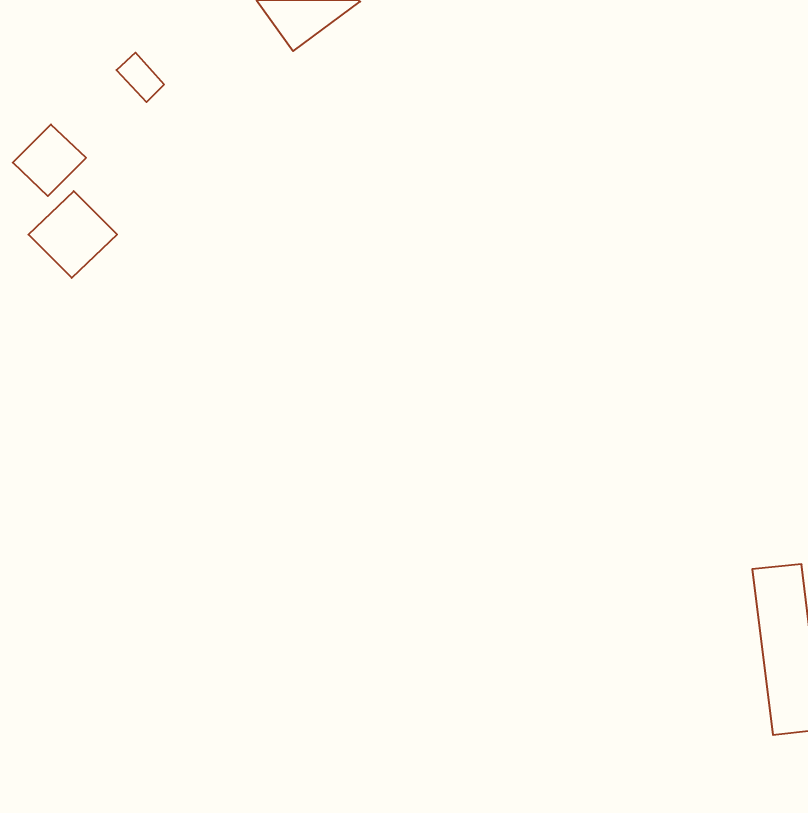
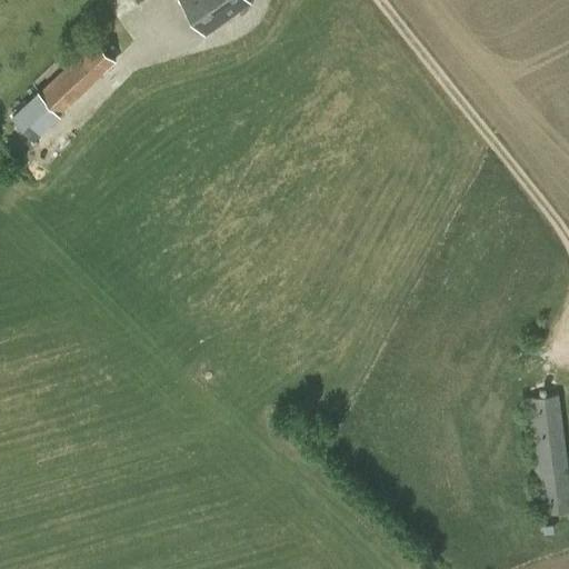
building: none -> [54,60,96,101]
building: [28,191,117,278] -> none

